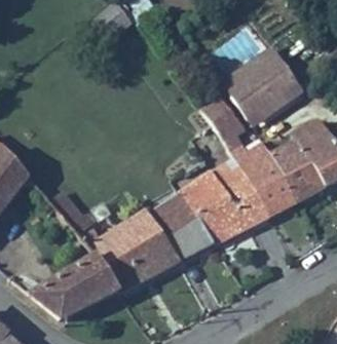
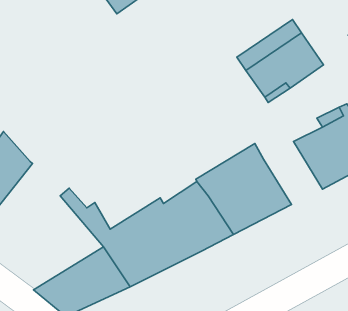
building: [202,94,299,214] -> none

